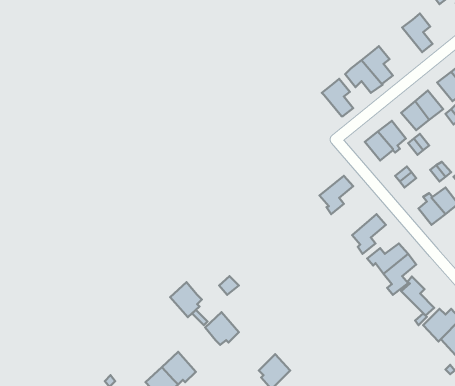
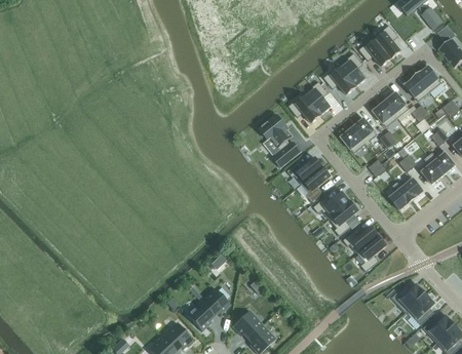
building: none -> [359,37,392,67]
building: none -> [290,96,321,123]
building: none -> [260,114,302,167]
building: none -> [288,158,323,185]
building: none -> [314,192,352,220]
building: [401,276,434,315] -> none
building: [170,282,202,317] -> [187,301,215,331]
building: none -> [233,310,263,339]

